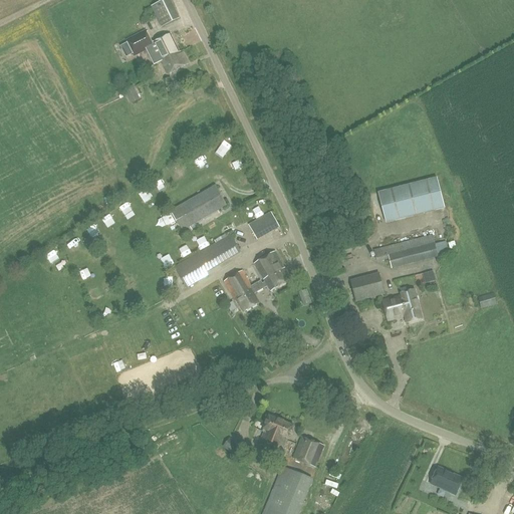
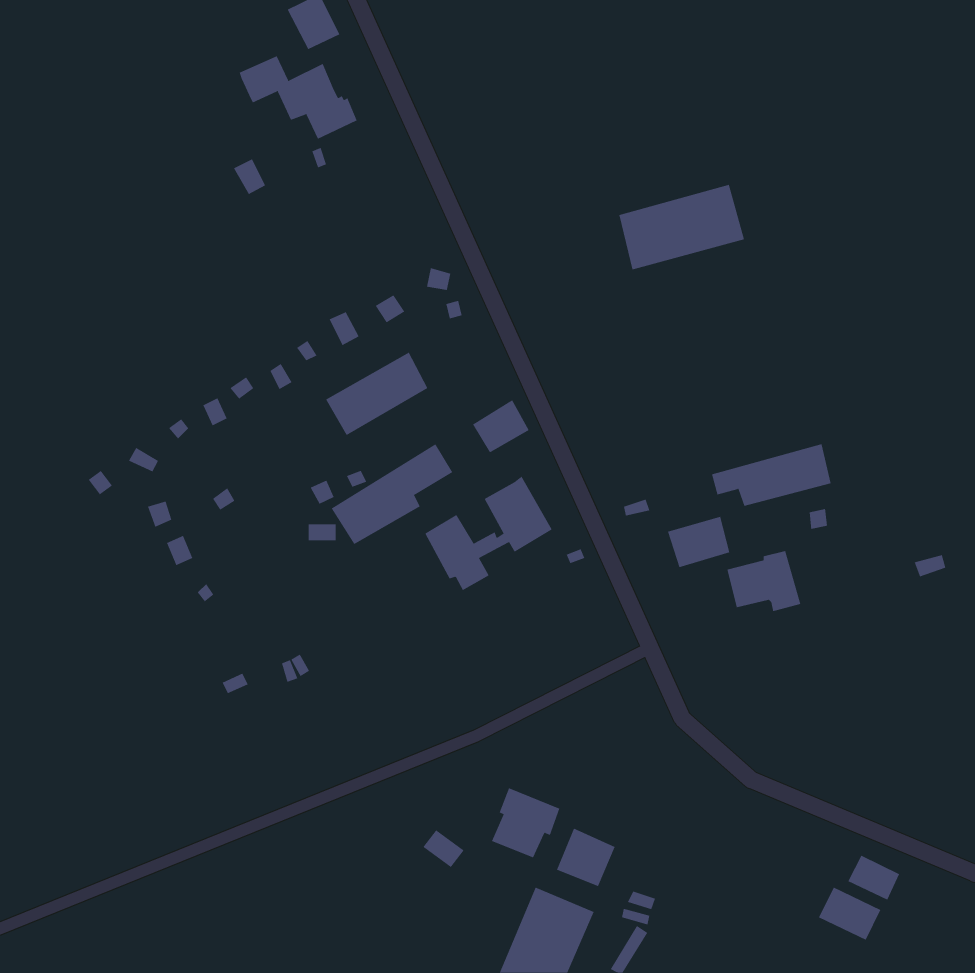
building: [377,176,444,221] -> [619,184,745,270]
building: none -> [847,855,900,901]

